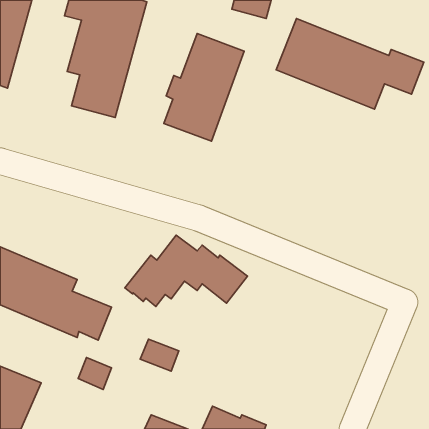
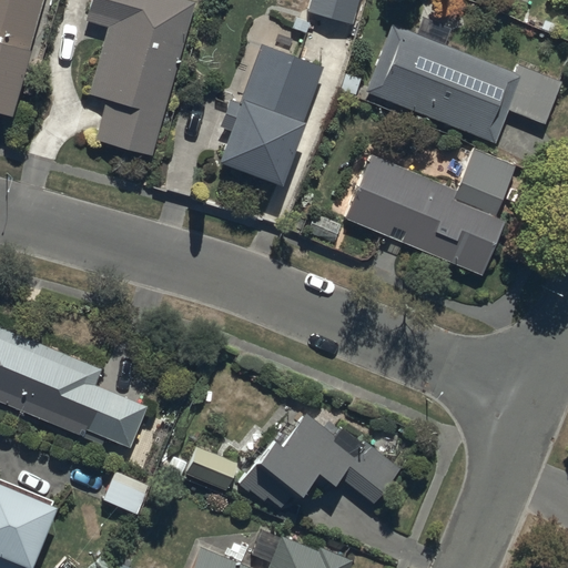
building: none -> [344,148,521,276]
building: [125,235,247,306] -> [239,415,400,509]

